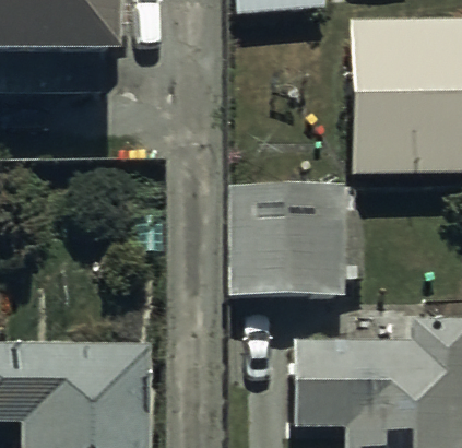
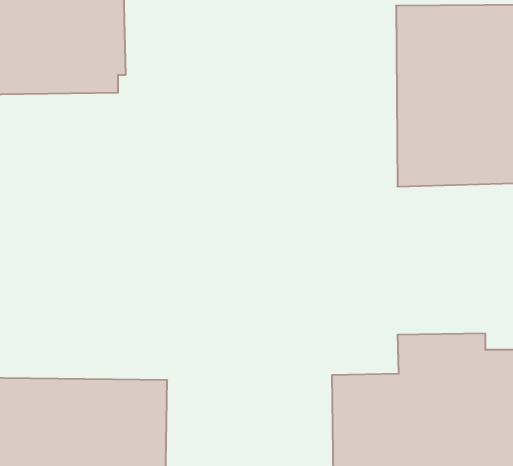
building: [230,188,370,295] -> none

